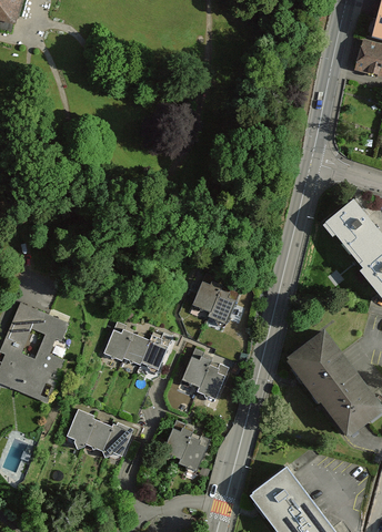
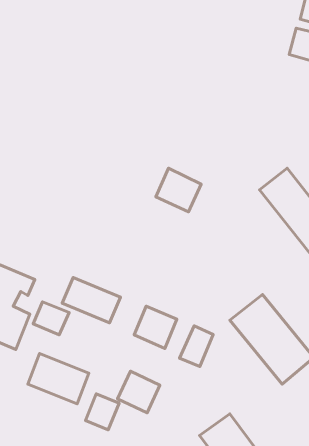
building: [192,277,243,326] -> [156,168,201,212]
building: none -> [33,302,69,335]
building: none -> [179,326,213,367]
building: none -> [85,394,119,430]

